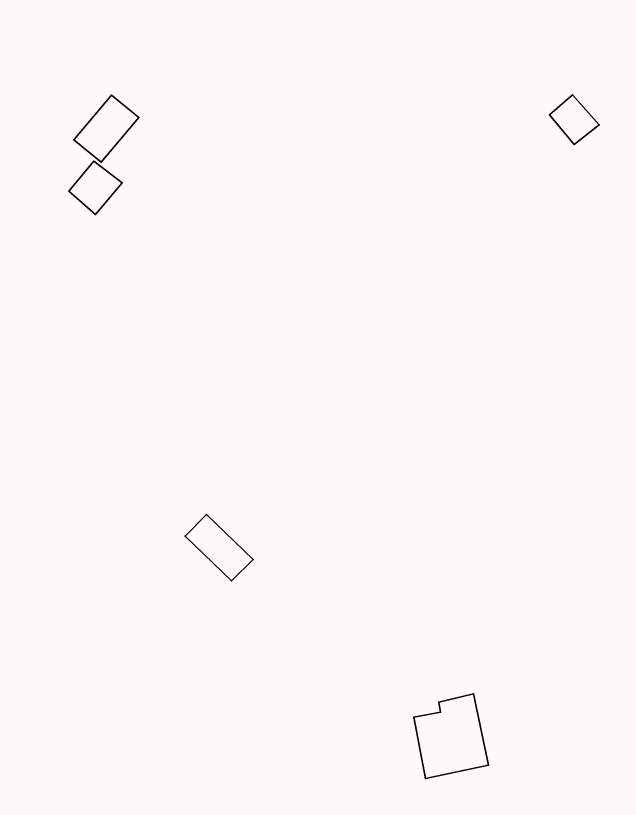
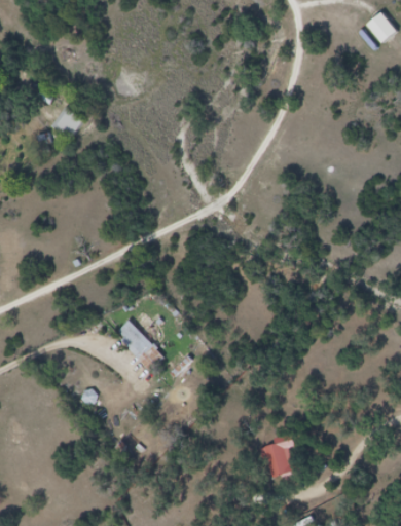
building: [549,95,599,145] -> [363,10,394,41]
building: [74,95,139,162] -> none

